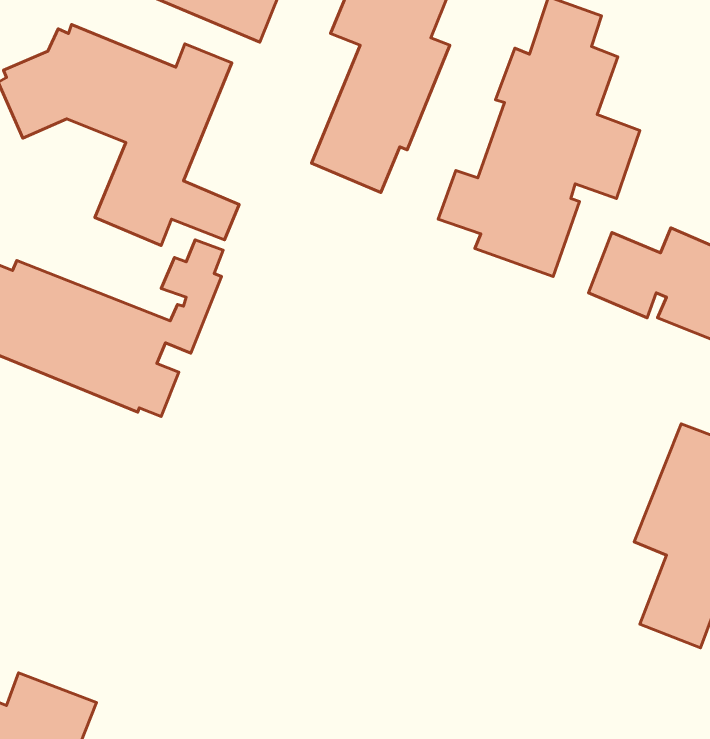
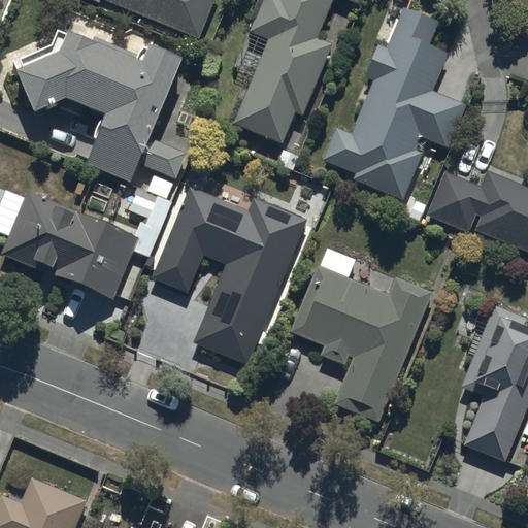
building: none -> [152,179,308,364]
building: none -> [290,246,432,429]

